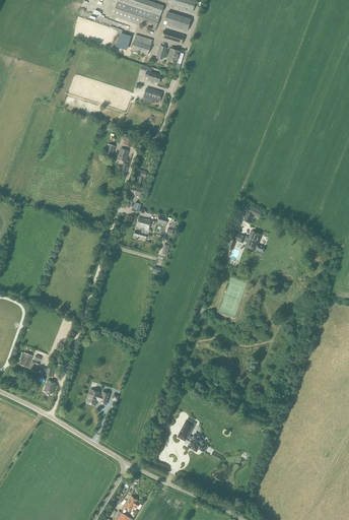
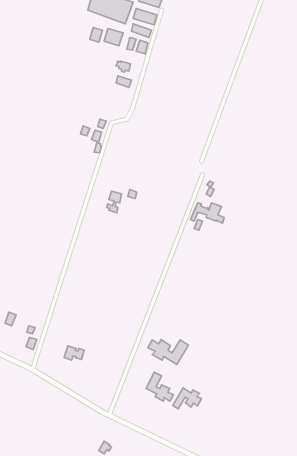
building: none -> [148,340,189,364]
building: none -> [173,388,202,409]

